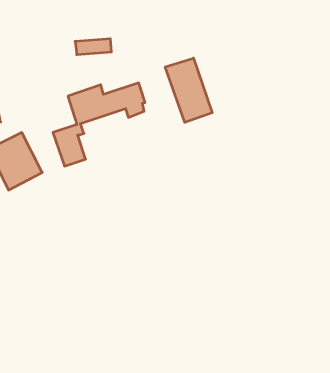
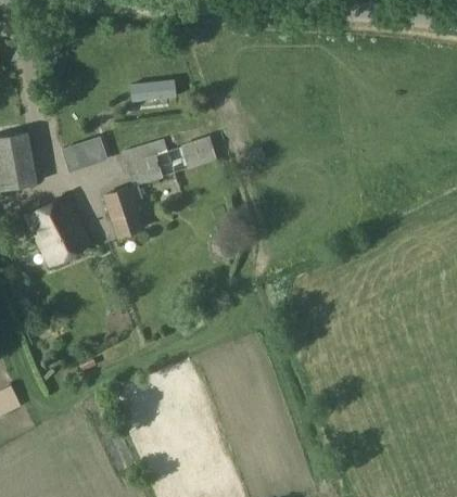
building: [165,58,212,122] -> none
building: none -> [60,135,105,173]

